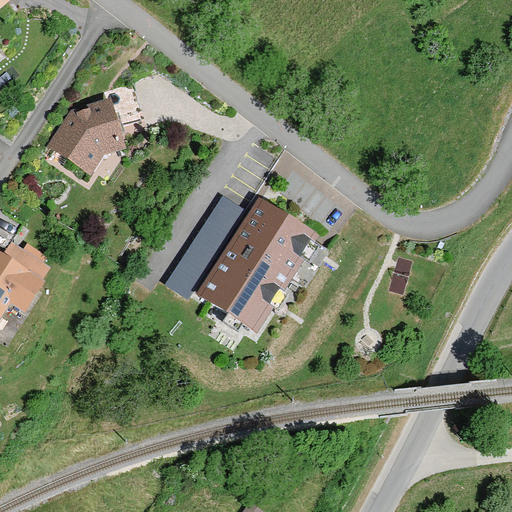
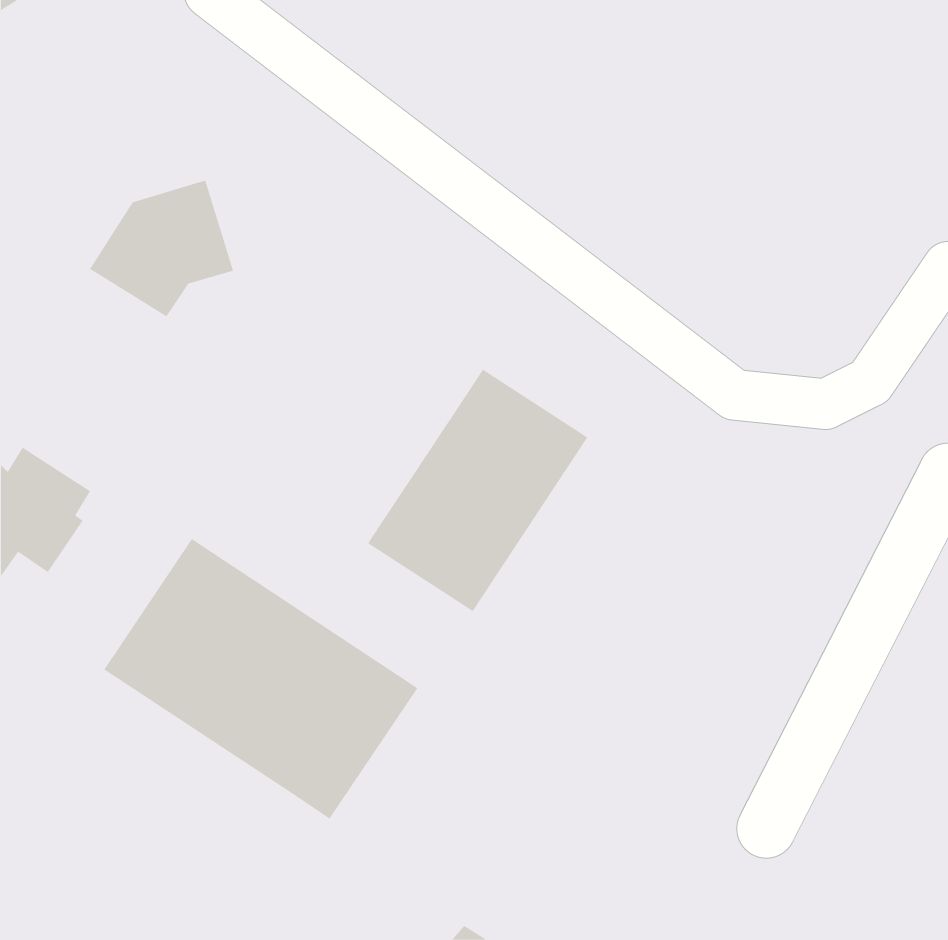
building: [168,195,251,296] -> none
building: none -> [103,538,418,819]

